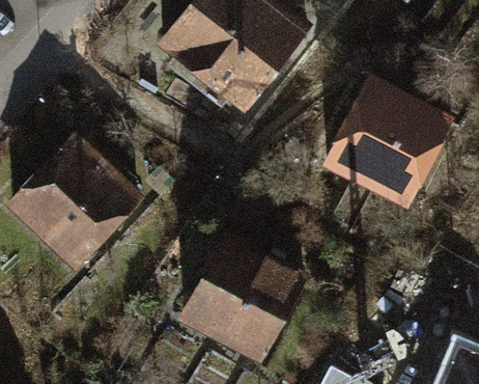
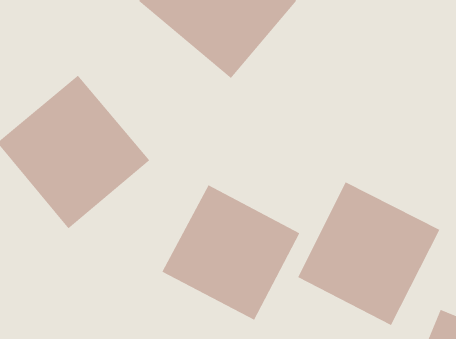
building: [313,67,453,210] -> none
building: none -> [297,181,440,326]

